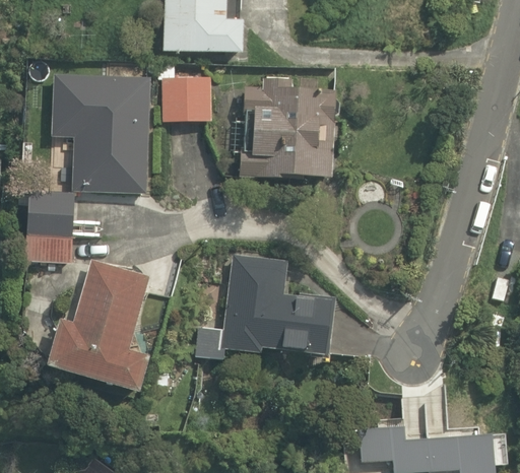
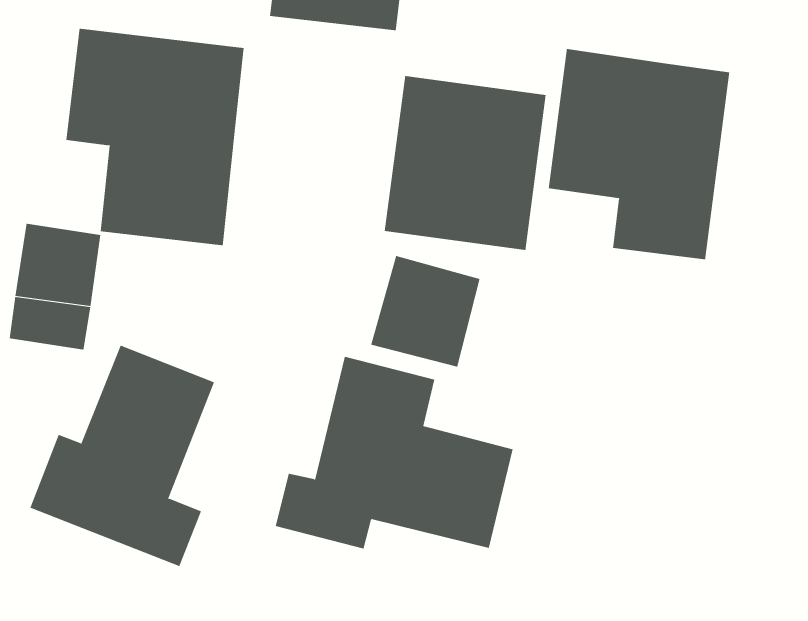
building: none -> [548,48,730,260]
building: [149,74,212,125] -> none
building: none -> [371,255,480,367]

